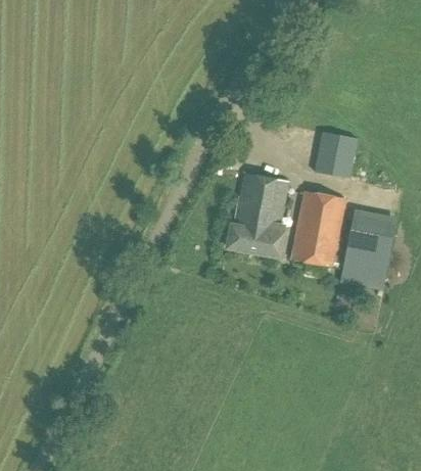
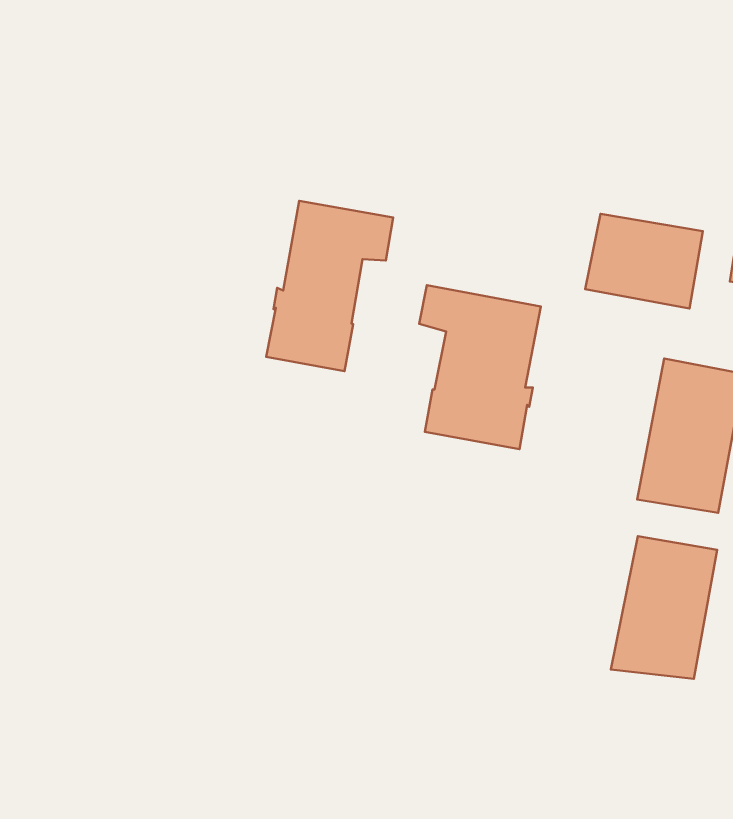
building: none -> [266,201,393,371]
building: [289,191,345,267] -> [611,536,717,679]

